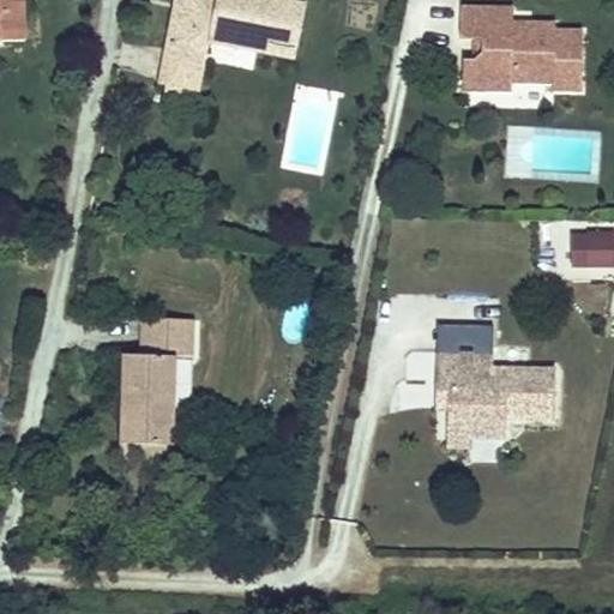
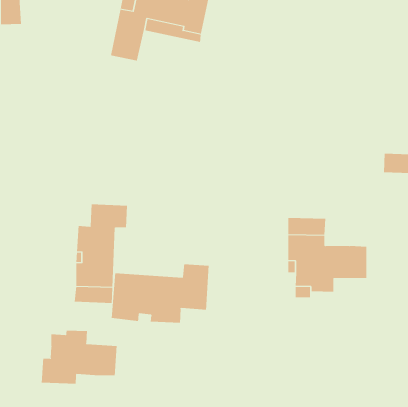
building: [458,6,580,90] -> none
building: none -> [111,263,209,323]
building: none -> [41,330,117,385]

